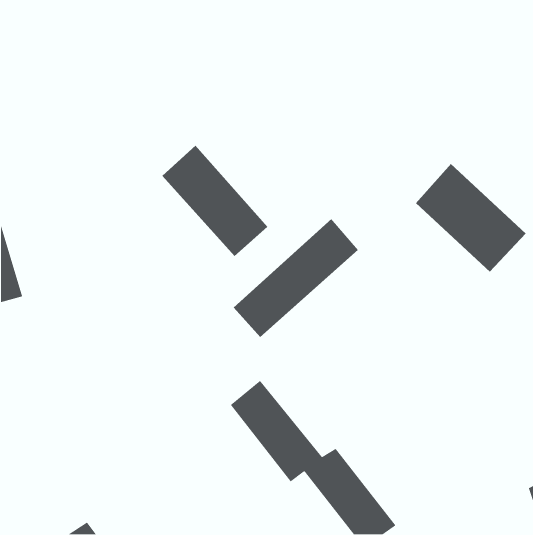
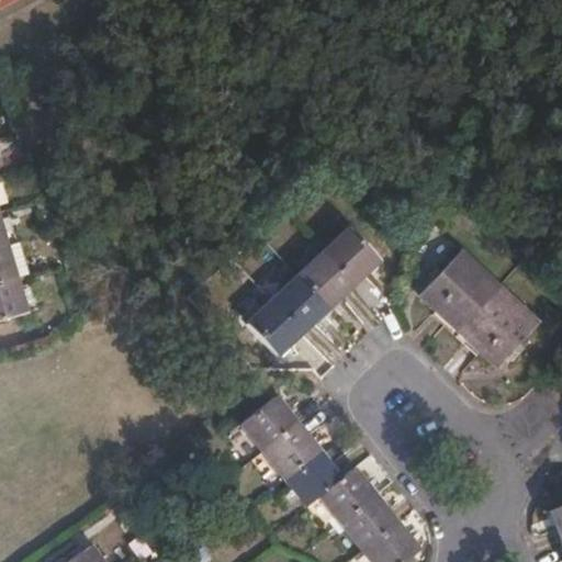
building: [161,145,268,257] -> none
building: [415,163,526,272] -> [420,252,537,367]

